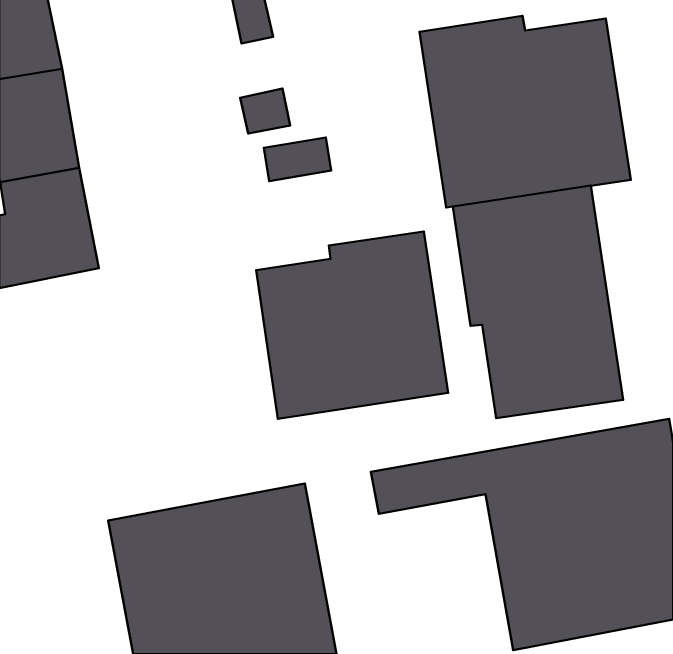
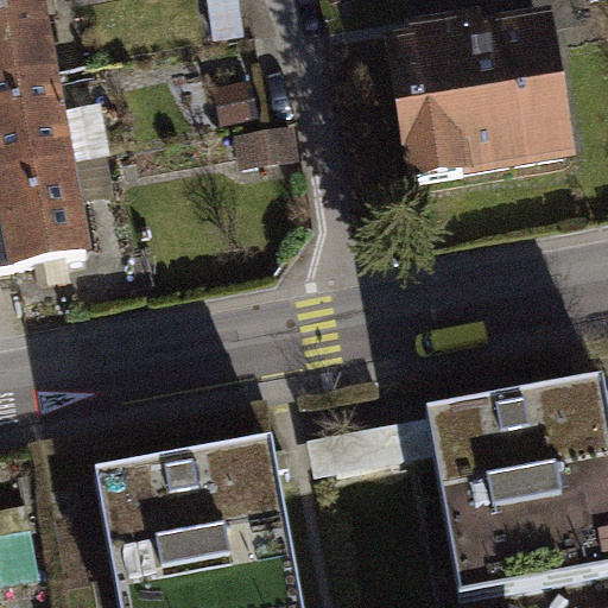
building: [453,186,623,418] -> none
building: [256,231,448,419] -> none

